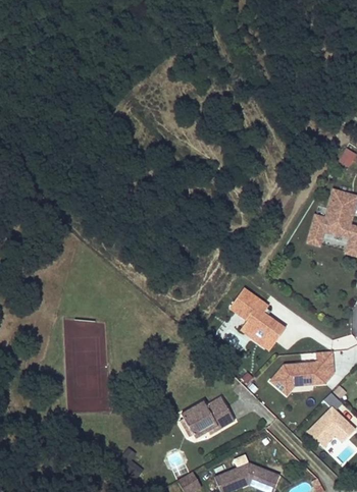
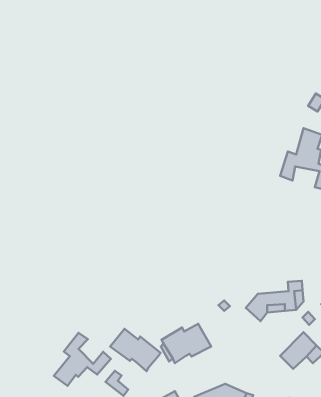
building: [227,283,288,348] -> none
building: none -> [110,329,161,371]
building: none -> [54,333,111,386]

